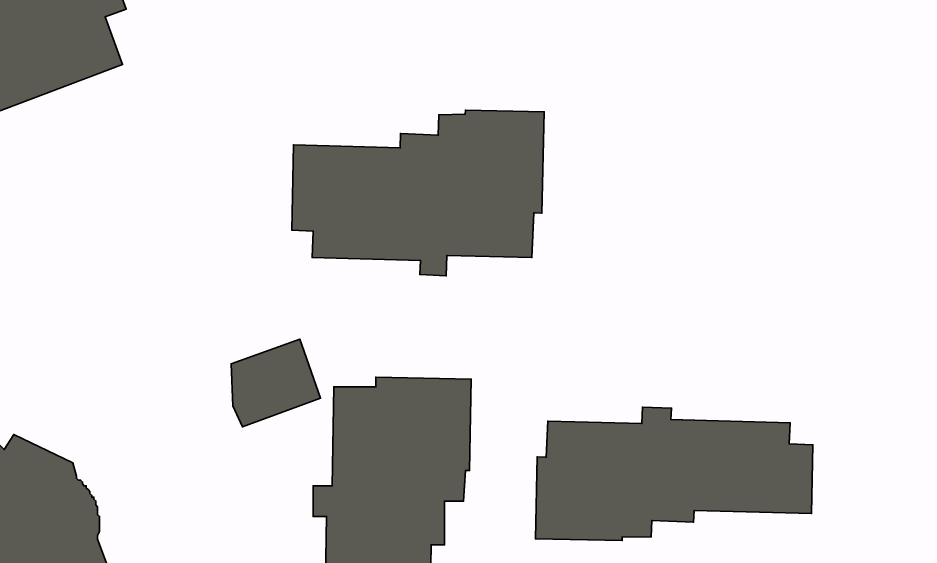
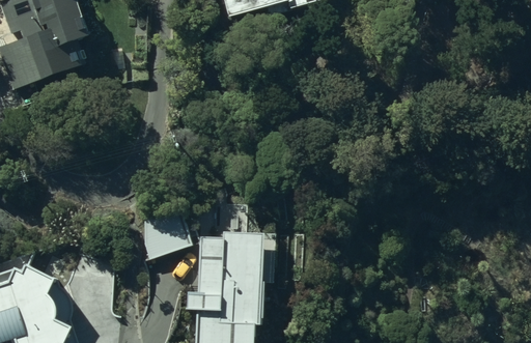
building: [292,110,544,276] -> none
building: [535,407,813,541] -> none

